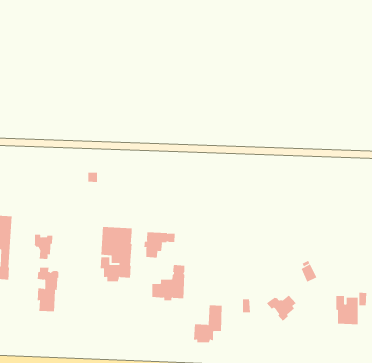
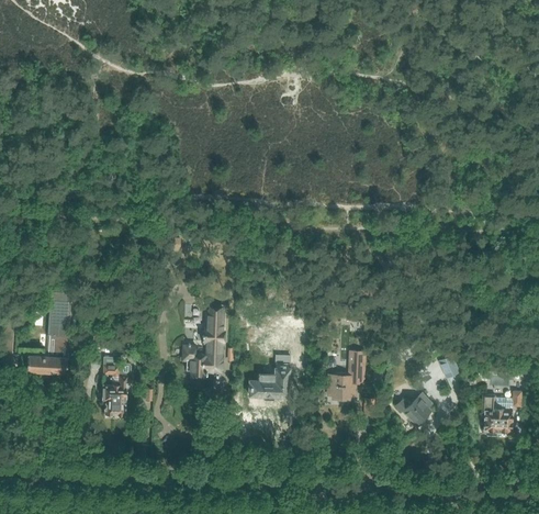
building: [144,231,175,258] -> none
building: [34,234,53,260] -> none
building: [193,305,223,343] -> [328,350,366,399]

